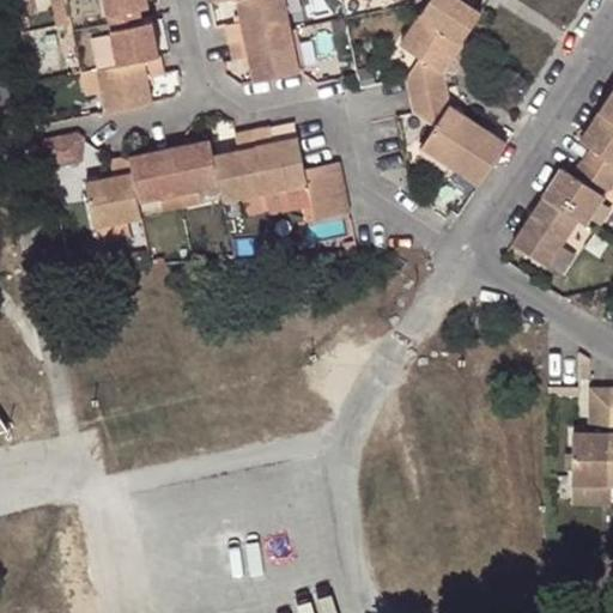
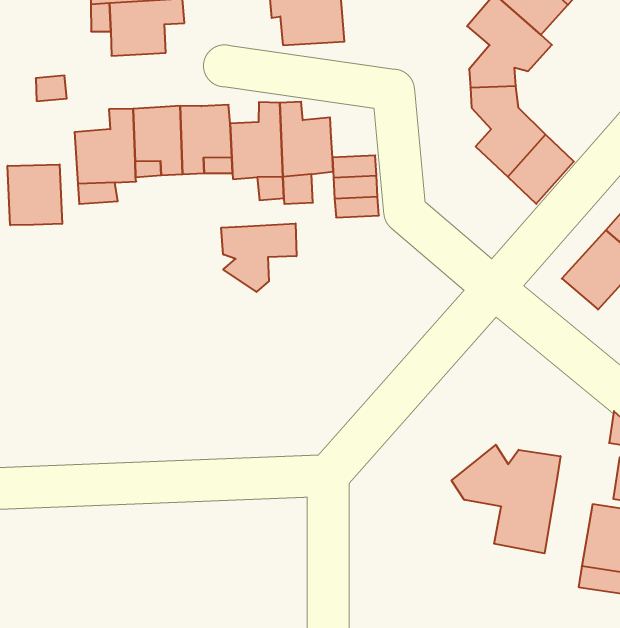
building: none -> [8,164,62,225]
building: none -> [221,223,296,292]
building: none -> [452,445,560,553]

